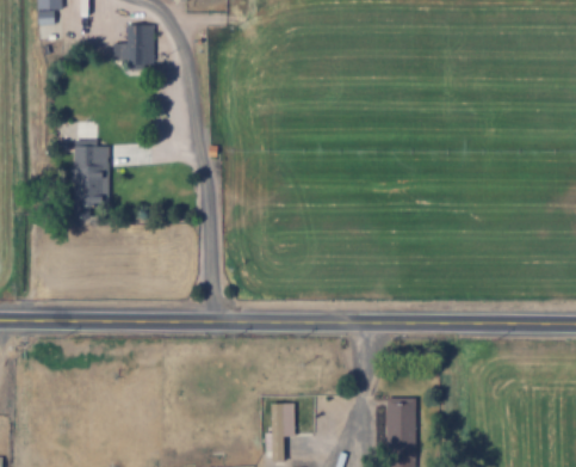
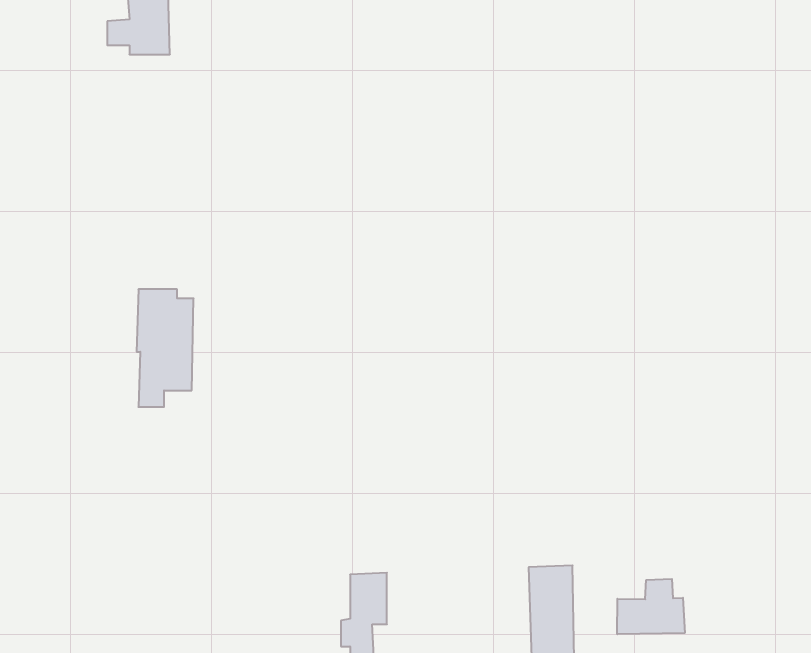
building: [72,140,109,216] -> [137,289,194,407]
building: none -> [617,579,685,634]

